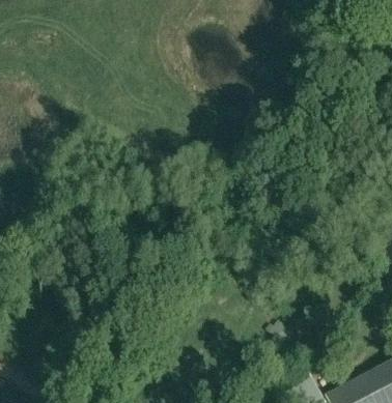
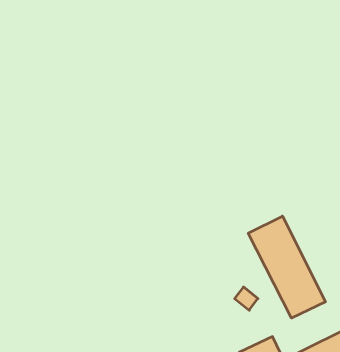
building: none -> [248,216,325,318]

